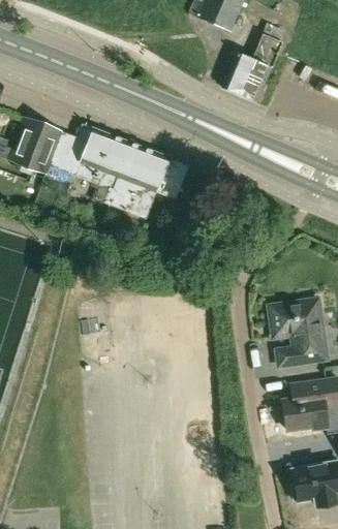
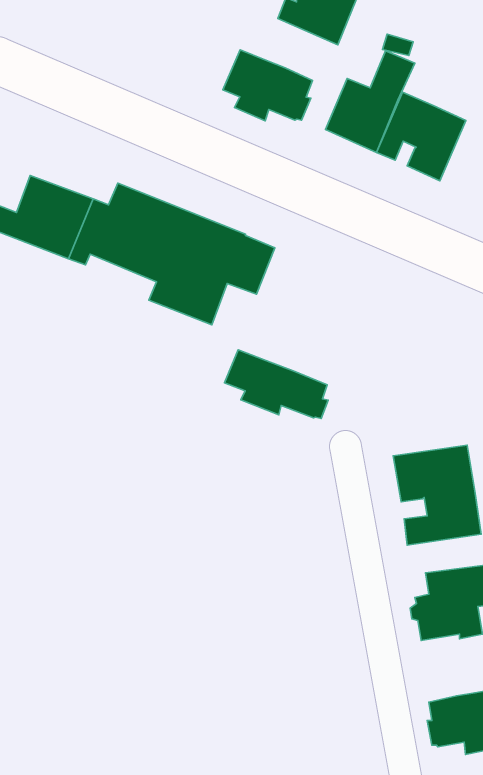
building: none -> [223,50,313,121]
building: none -> [376,92,466,181]
building: none -> [224,350,328,419]

